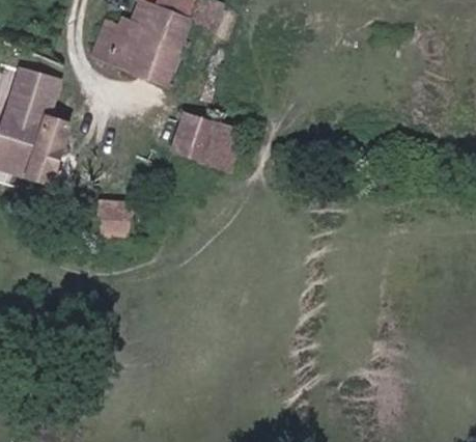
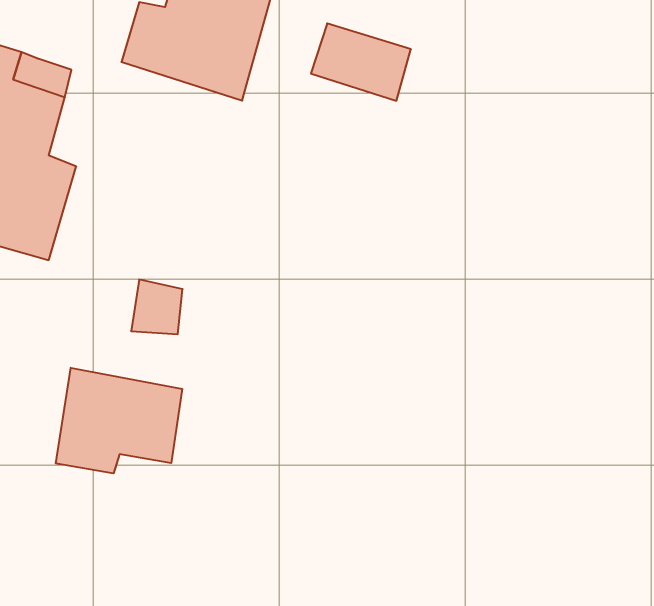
building: [172,113,236,163] -> [311,23,411,101]
building: none -> [56,368,182,473]

